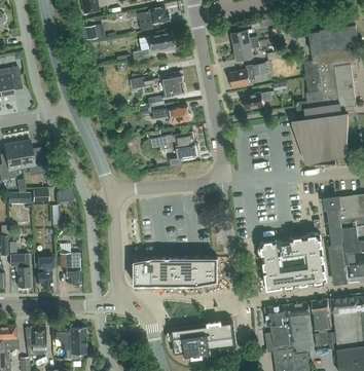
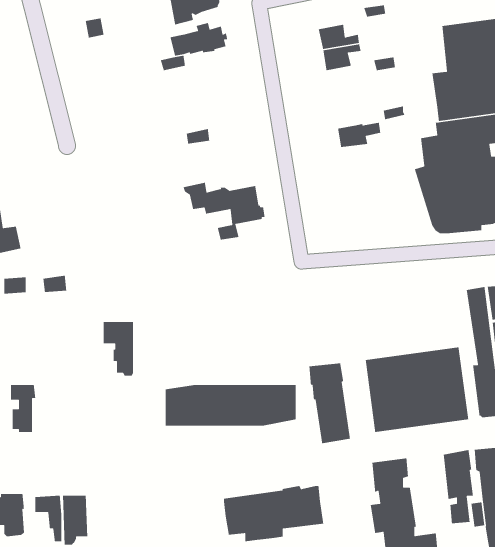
building: [229,65,265,88] -> none
building: [130,75,184,97] -> none
building: [152,106,191,124] -> none
building: [60,253,79,288] -> [103,321,134,377]
building: [288,302,315,354] -> [308,363,351,444]

